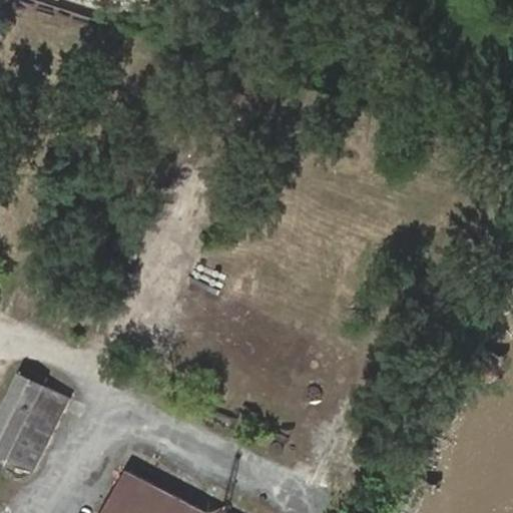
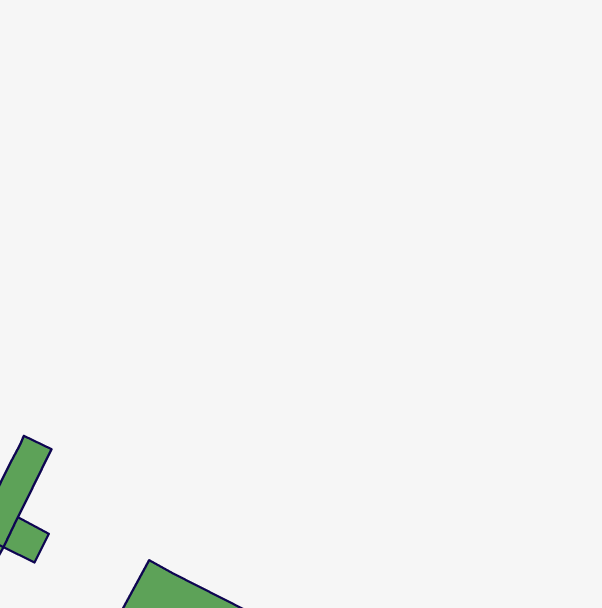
building: [15,379,68,450] -> none

